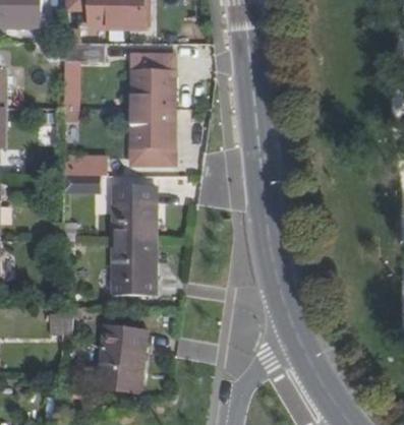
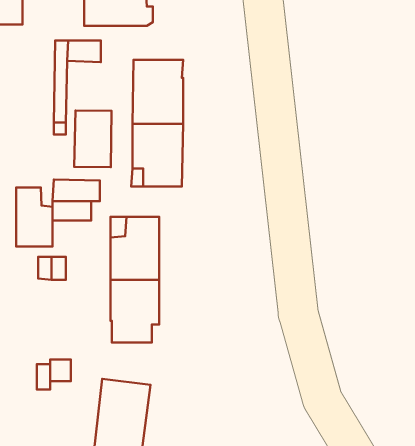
building: none -> [74,110,111,167]
building: none -> [16,187,53,247]

